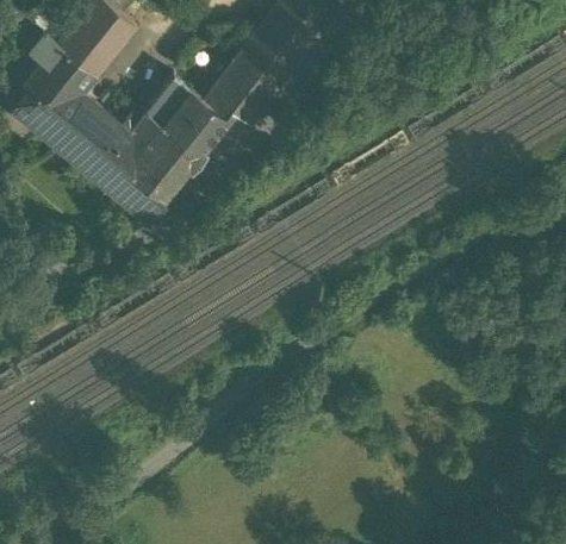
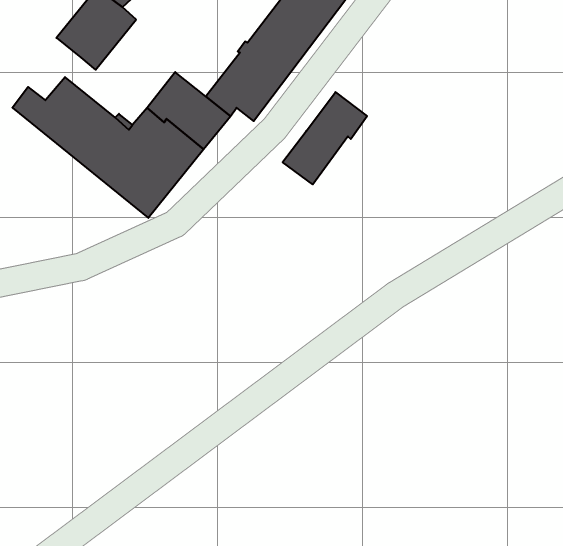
building: [8,46,80,107] -> none
building: none -> [283,92,367,184]

